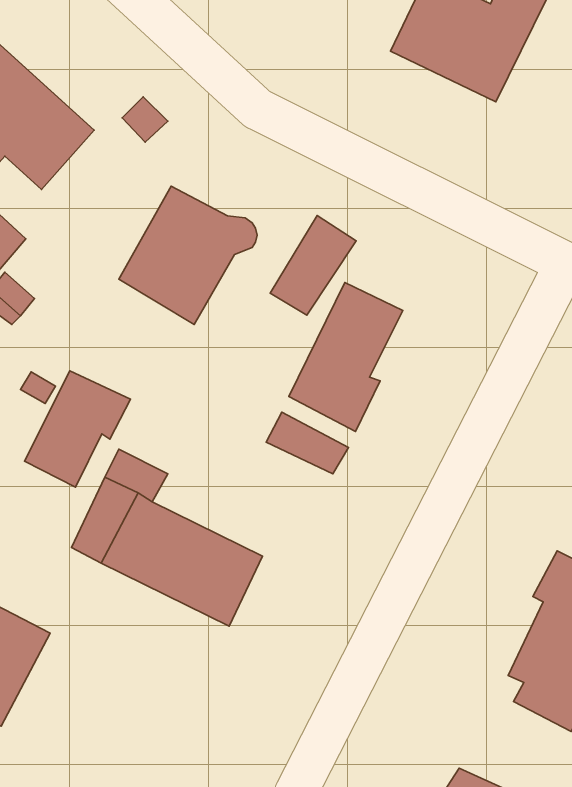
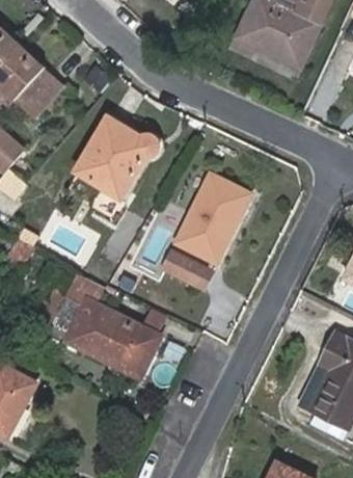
building: [270,215,356,315] -> none
building: [24,371,130,487] -> none

